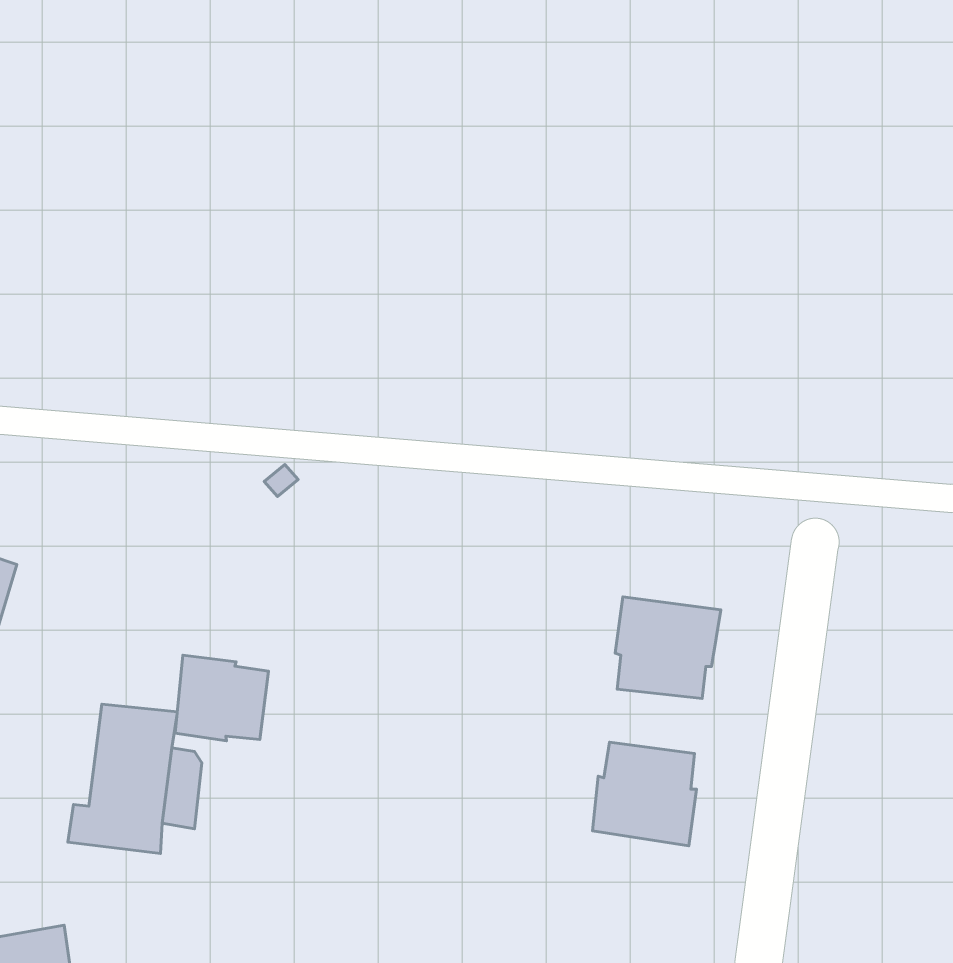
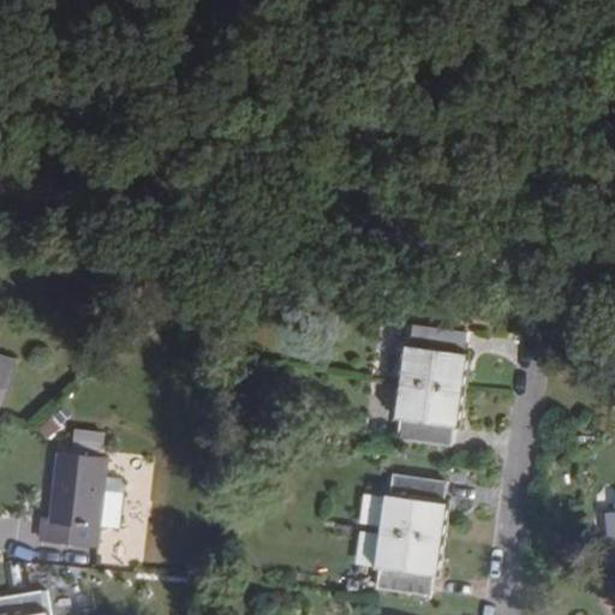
building: none -> [396,324,464,389]
building: [175,655,268,741] -> none
building: none -> [371,530,438,596]

